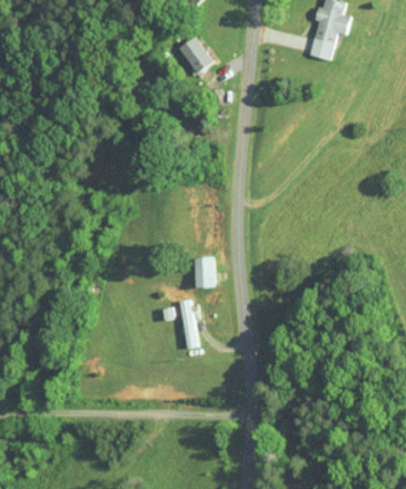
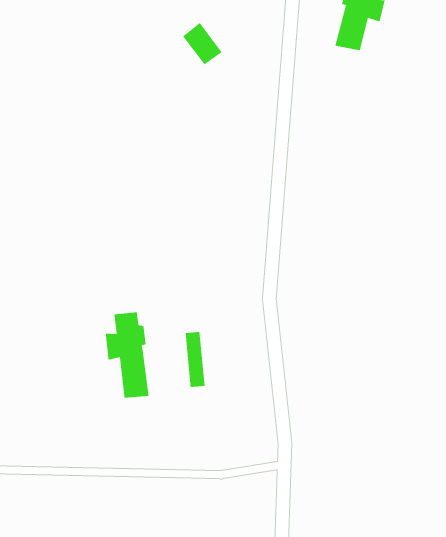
building: [194,257,216,288] -> none
building: none -> [105,312,149,399]

